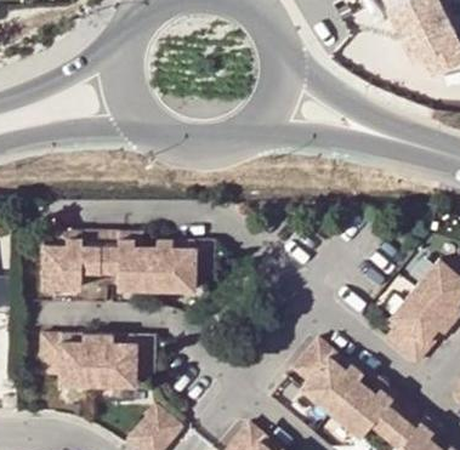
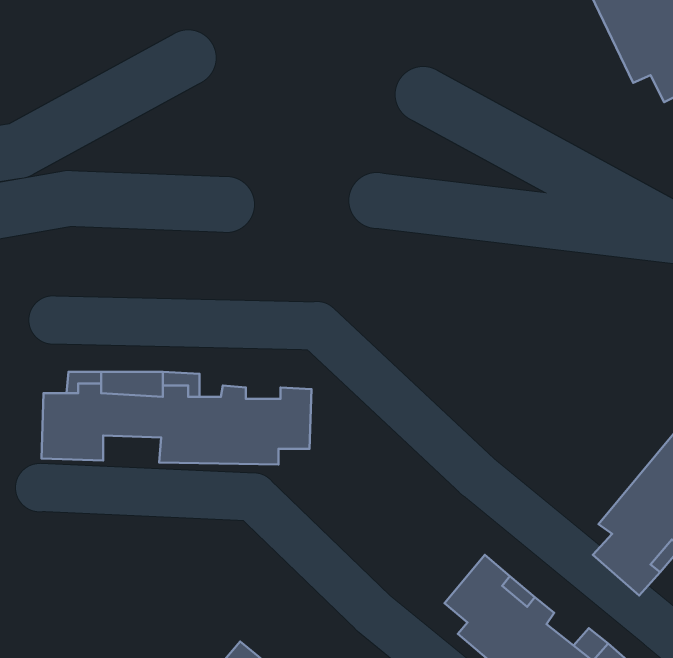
building: [34,342,148,393] -> none

